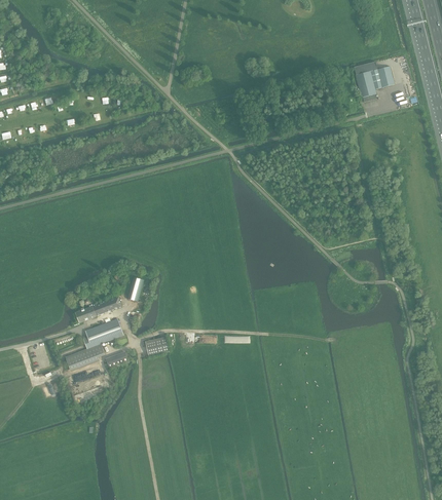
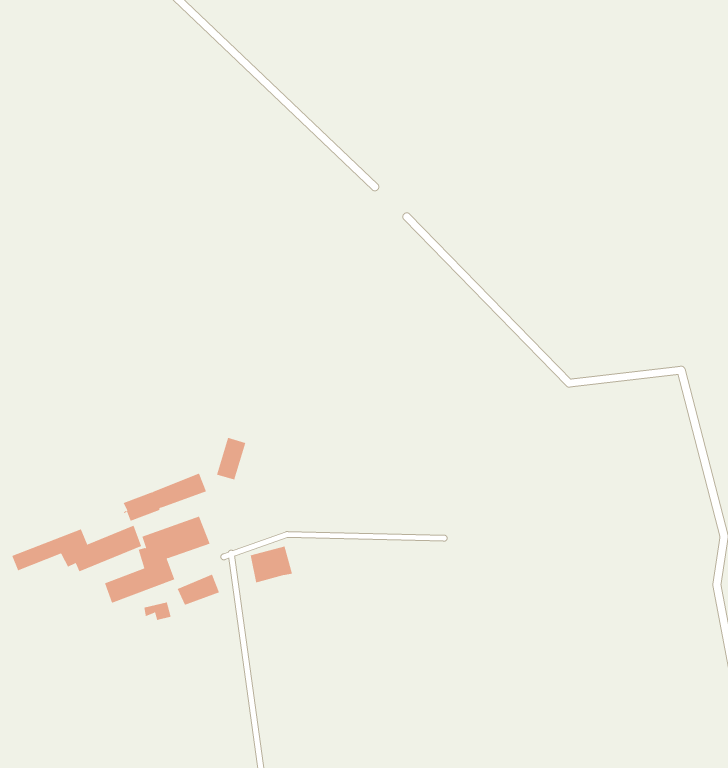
building: [354,61,394,101] -> none
building: none -> [12,525,142,572]

